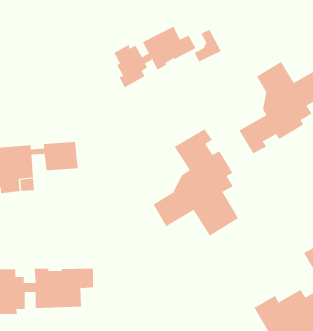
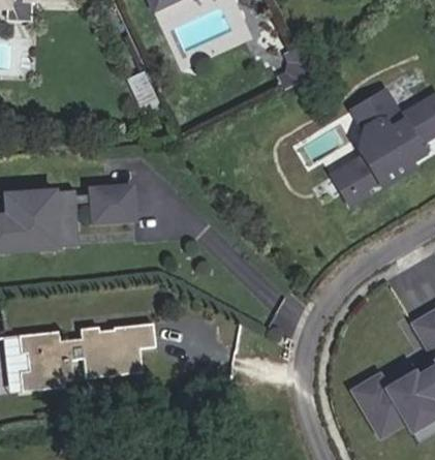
building: [114,26,196,88] -> none
building: [153,128,239,236] -> none

